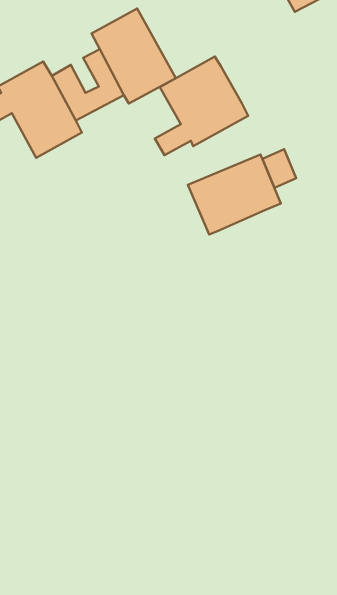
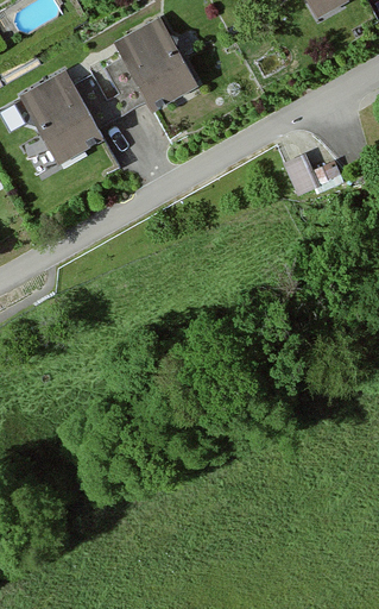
building: [155,57,248,155] -> none
building: [188,155,281,234] -> none

